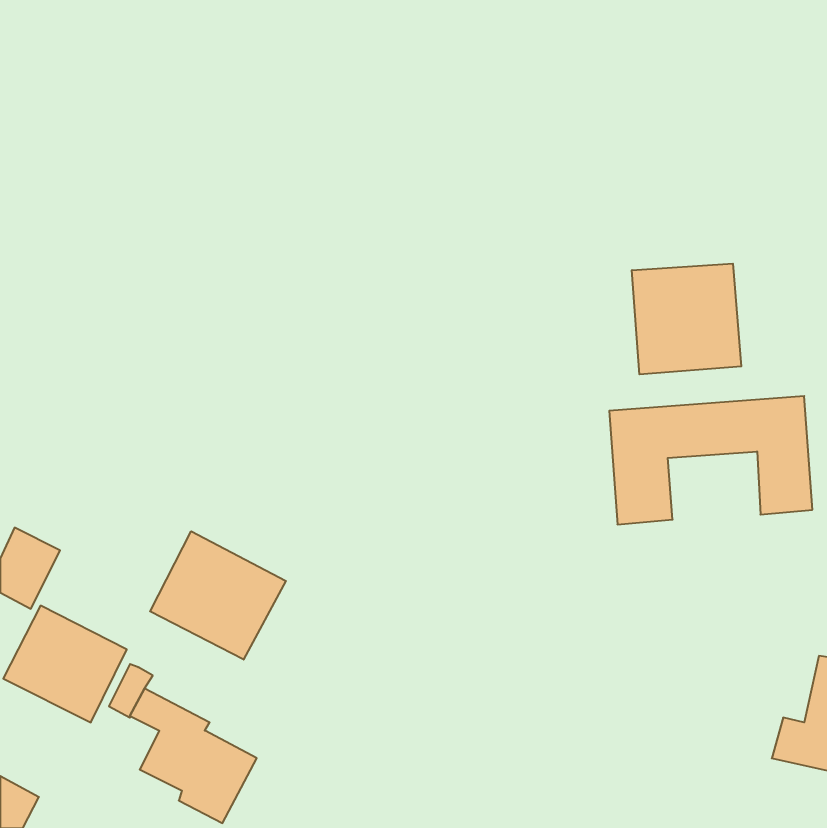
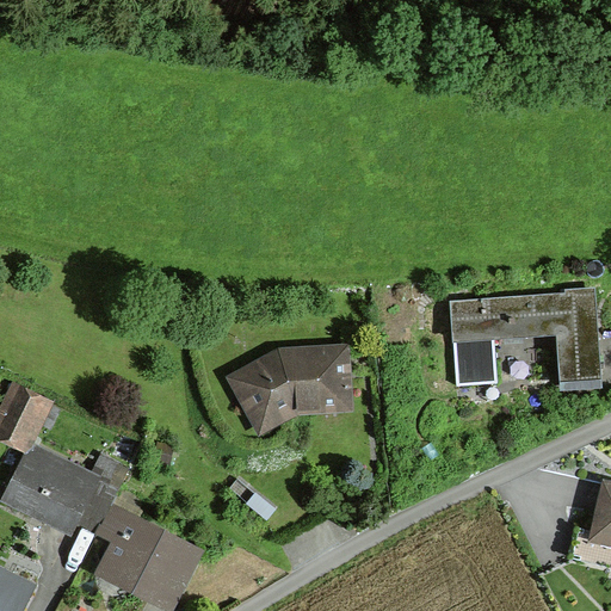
building: [632,264,741,374] -> none
building: none -> [249,352,344,409]
building: [150,531,286,660] -> none

